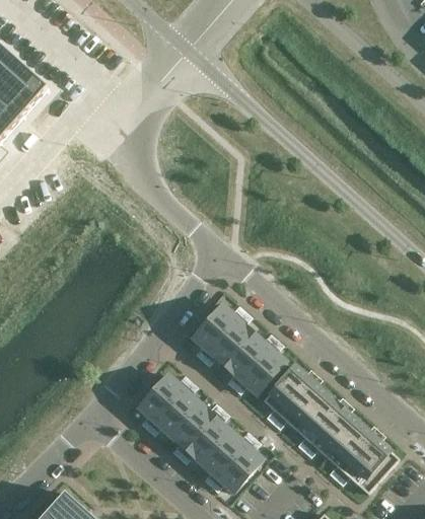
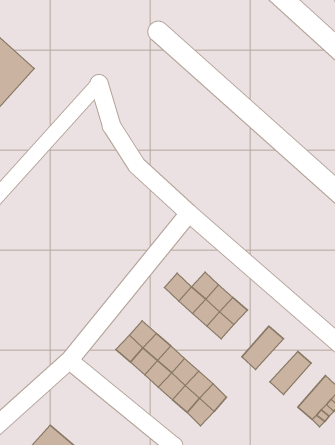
building: [206,303,237,335] -> none
building: [262,364,309,414] -> none
building: [294,393,342,442] -> none
building: [326,421,373,470] -> none

